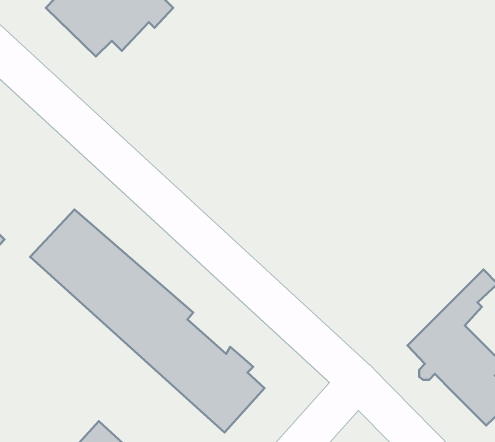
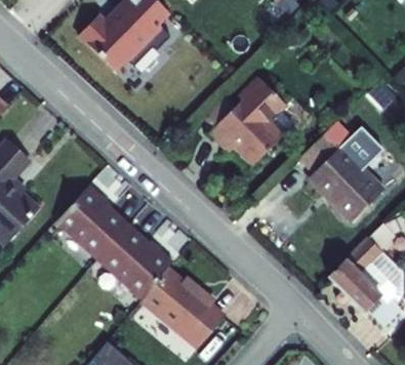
building: none -> [199,84,294,174]
building: none -> [296,116,390,228]

